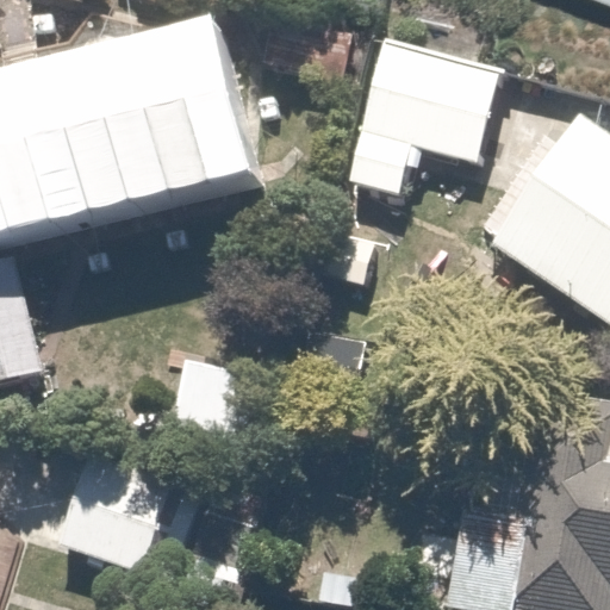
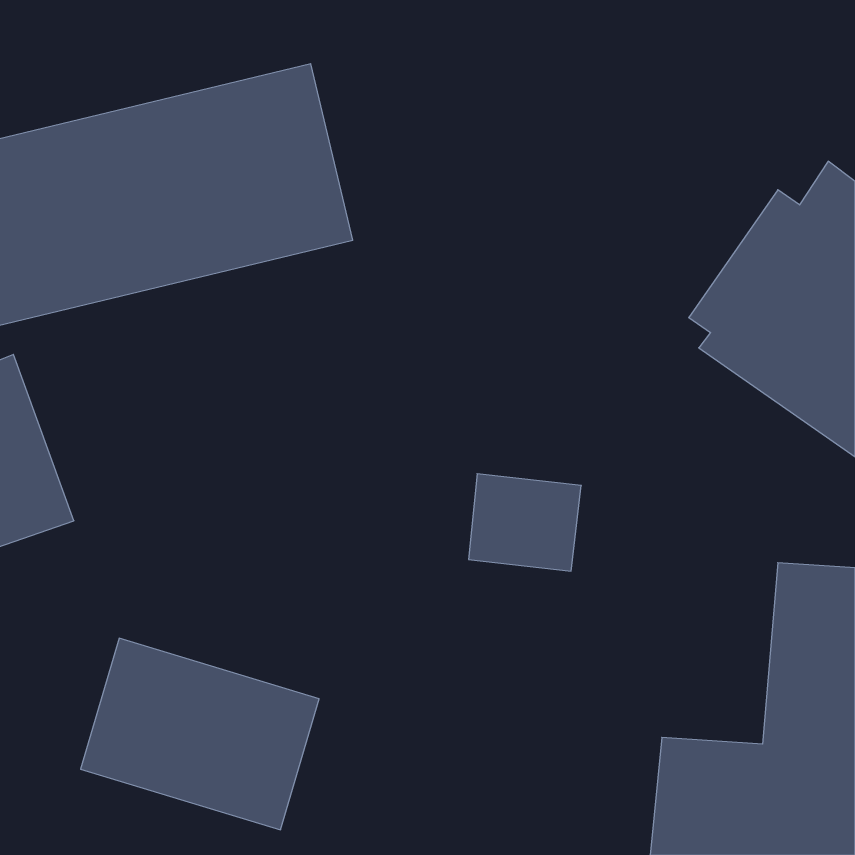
building: [356,43,503,199] -> none

